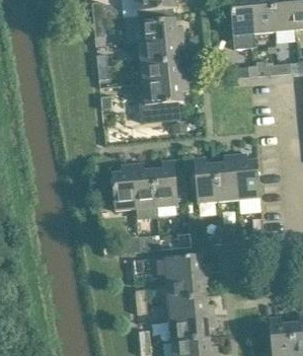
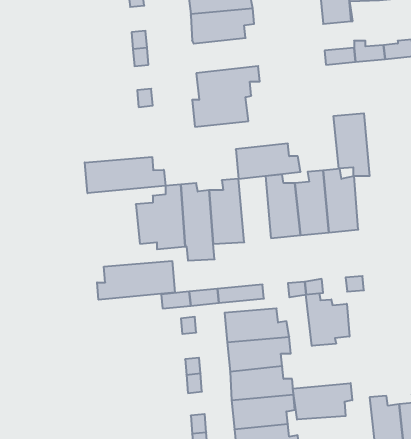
building: [141,60,187,85] -> [236,144,301,179]
building: none -> [334,113,370,176]
building: none -> [85,157,165,193]
building: none -> [97,261,175,300]
building: none -> [306,293,349,346]
building: none -> [293,383,352,420]

